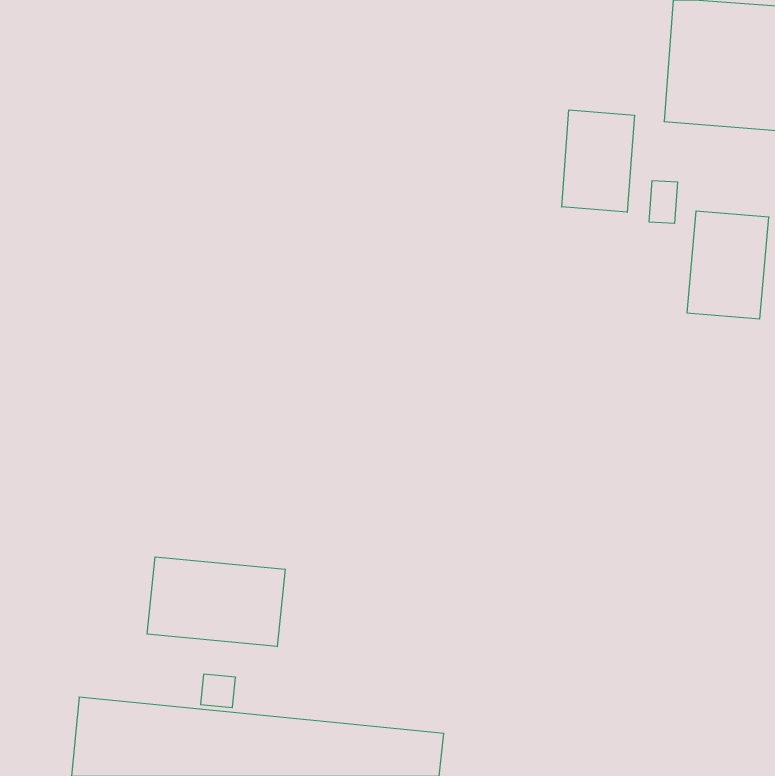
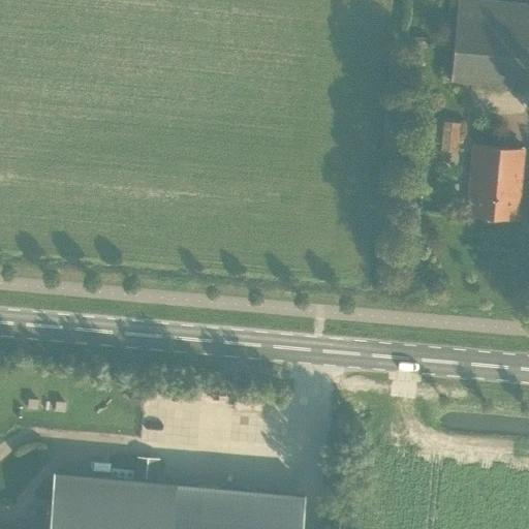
building: [562,110,634,212] -> none
building: [147,557,285,647] -> none

